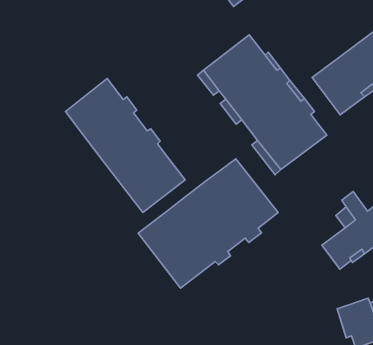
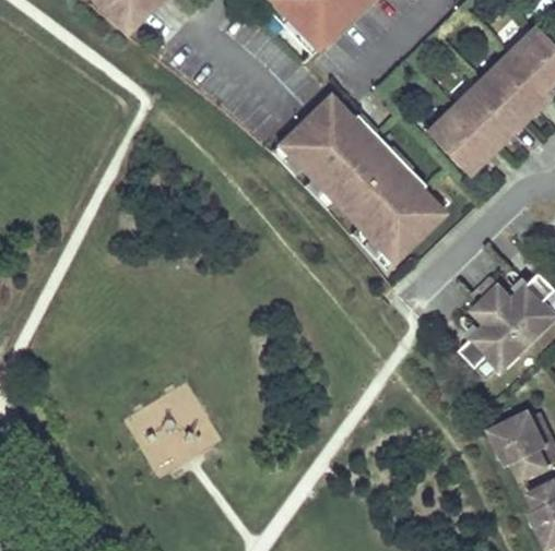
building: [66,79,185,213] -> none
building: [138,159,278,288] -> none

